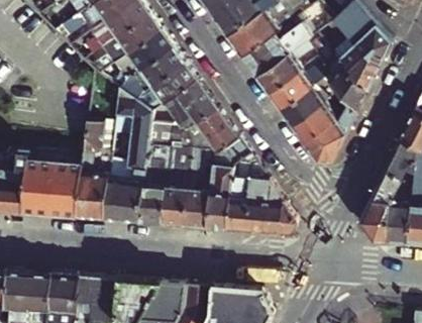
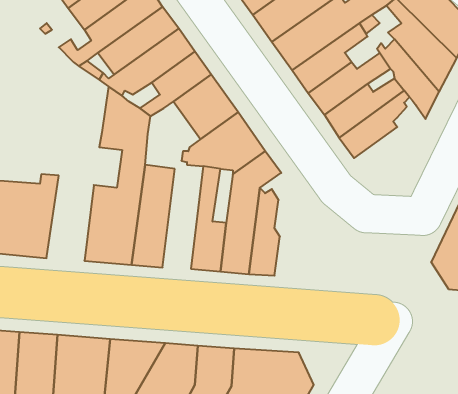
building: [303,105,356,165] -> none
building: [73,122,114,221] -> none
building: [146,126,190,227] -> none
building: [232,155,295,236] -> none

